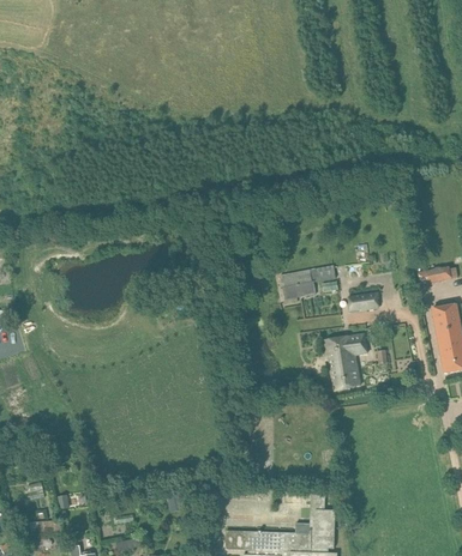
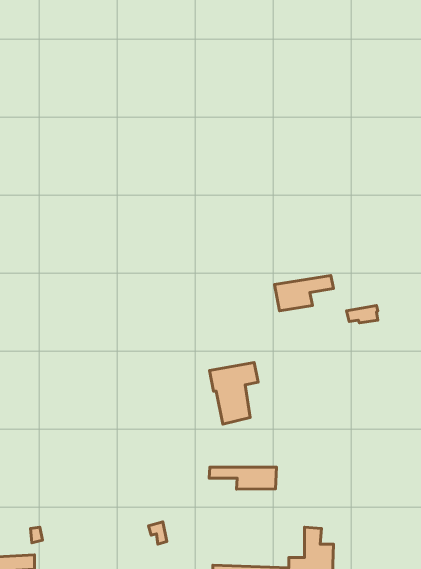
building: [322,334,366,391] -> [210,362,258,424]
building: none -> [209,467,277,489]

